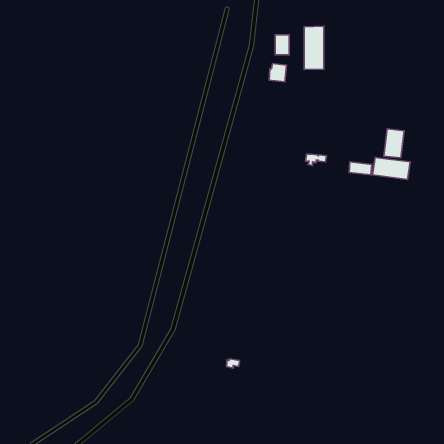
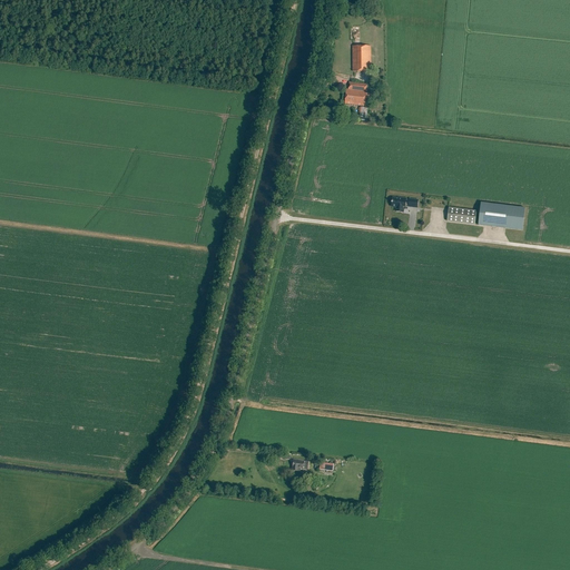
building: [304,26,324,70] -> none
building: [384,129,404,158] -> none

